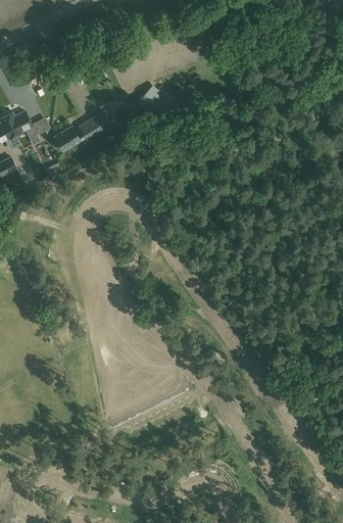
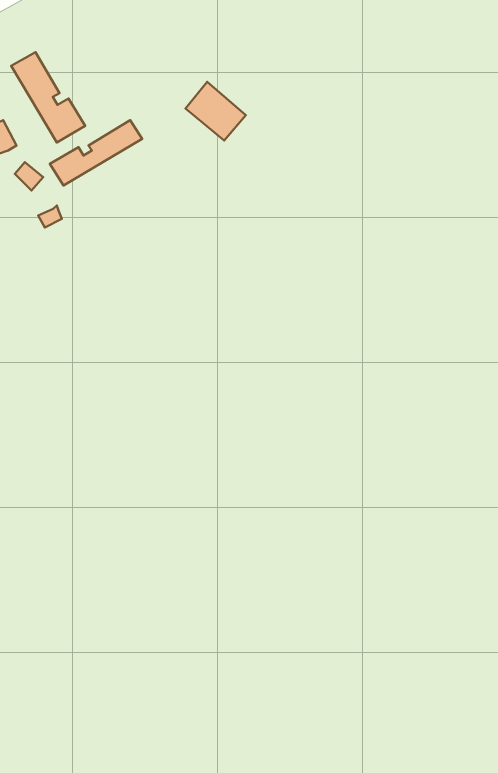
building: none -> [11,52,85,142]

